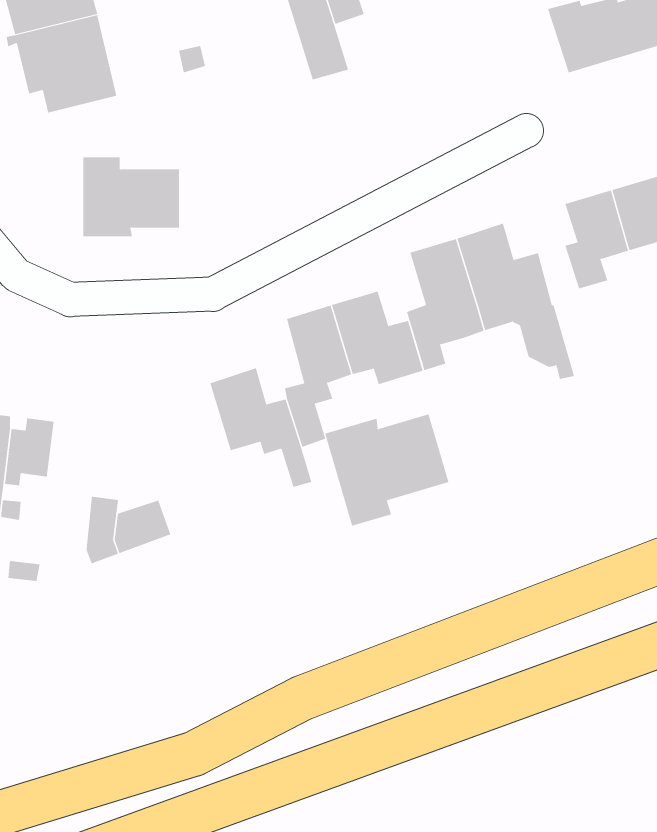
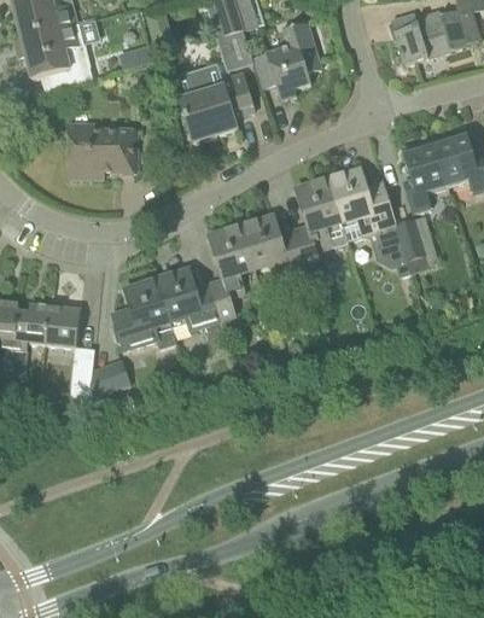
building: none -> [266,21,319,99]
building: none -> [173,63,253,141]
building: none -> [395,217,425,261]
building: none -> [112,278,175,348]
building: [324,414,449,527] -> none
building: none -> [43,304,80,346]

